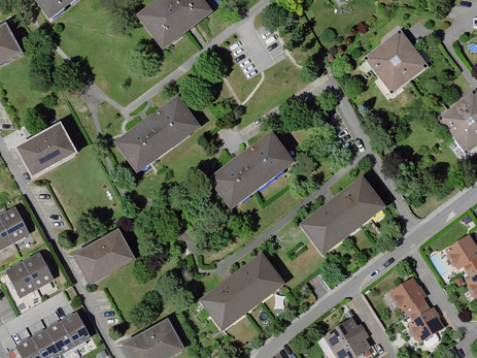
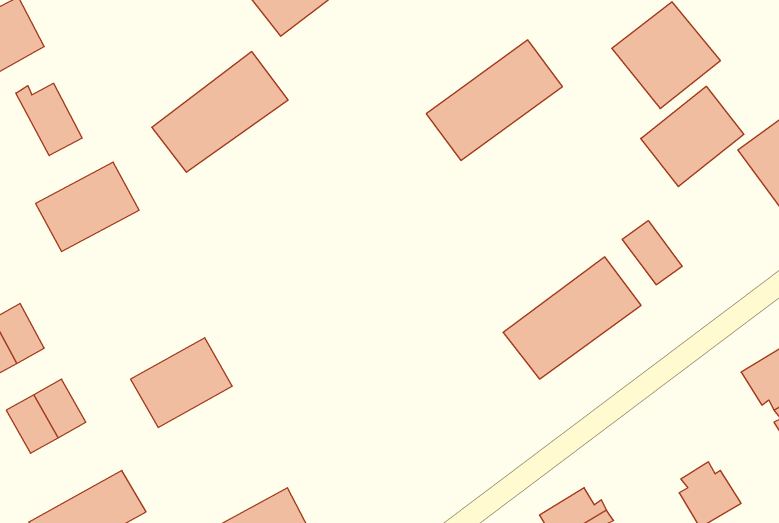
building: none -> [16,83,82,156]
building: none -> [641,86,744,187]
building: [121,96,202,168] -> [152,52,288,172]
building: [215,132,297,204] -> [426,40,562,160]
building: none -> [622,221,682,285]
building: [200,256,282,329] -> none
building: [386,275,423,313] -> none

